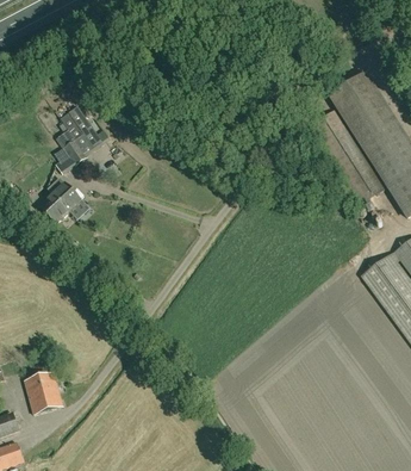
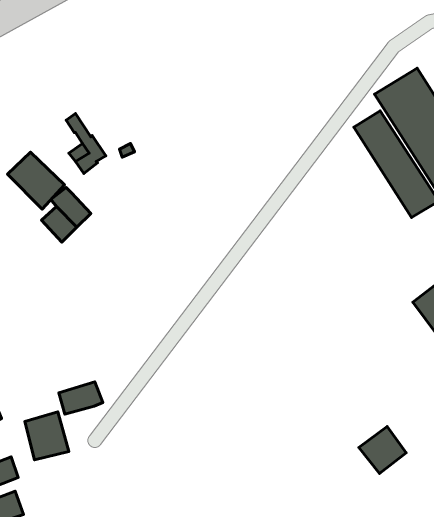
building: none -> [7,152,64,209]
building: none -> [59,382,103,414]
building: none -> [359,427,406,474]

